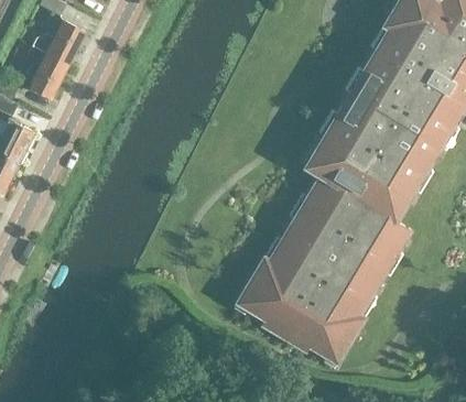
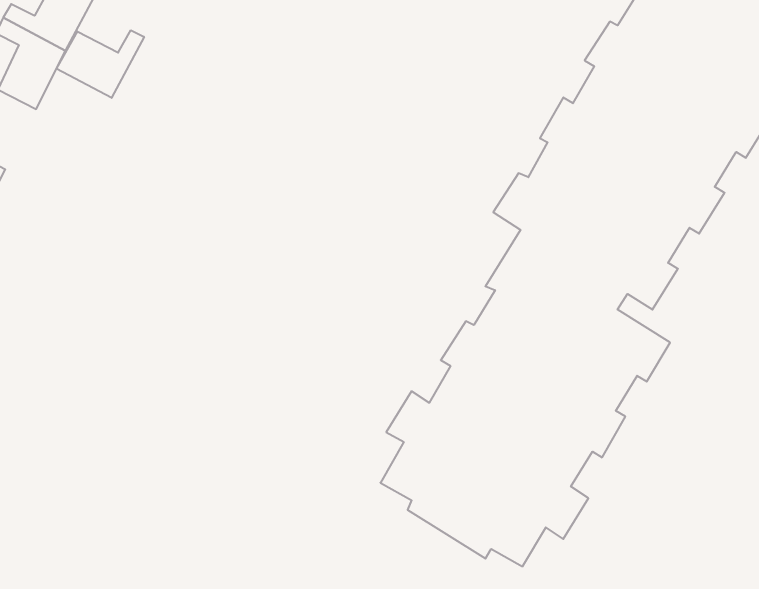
building: none -> [56,30,144,98]

